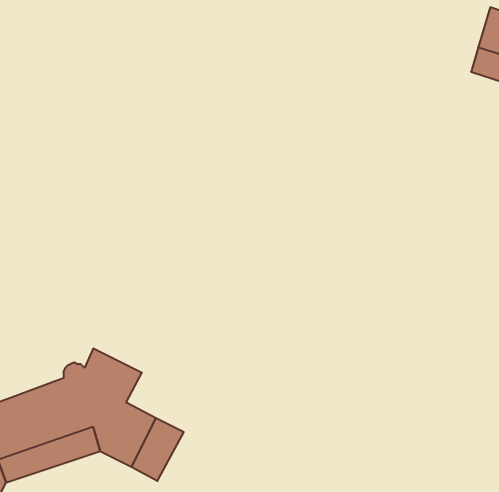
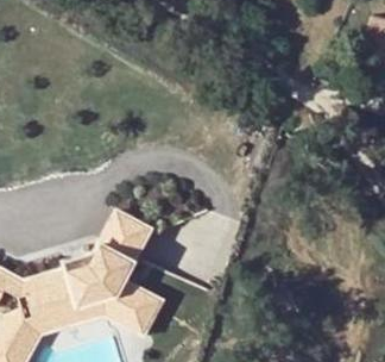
building: none -> [101,210,151,258]

